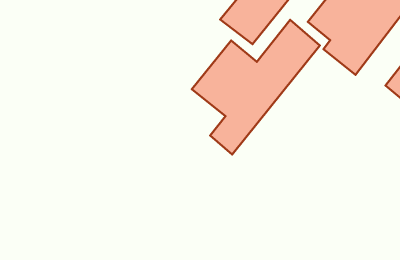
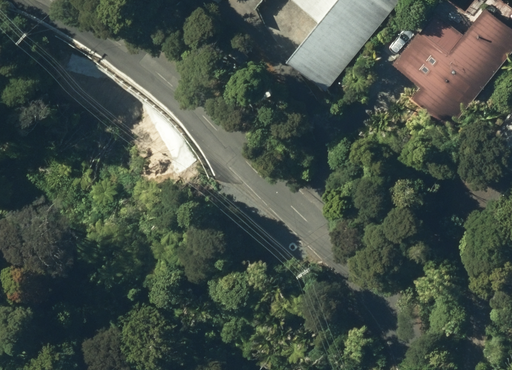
building: [192,20,320,155] -> none

